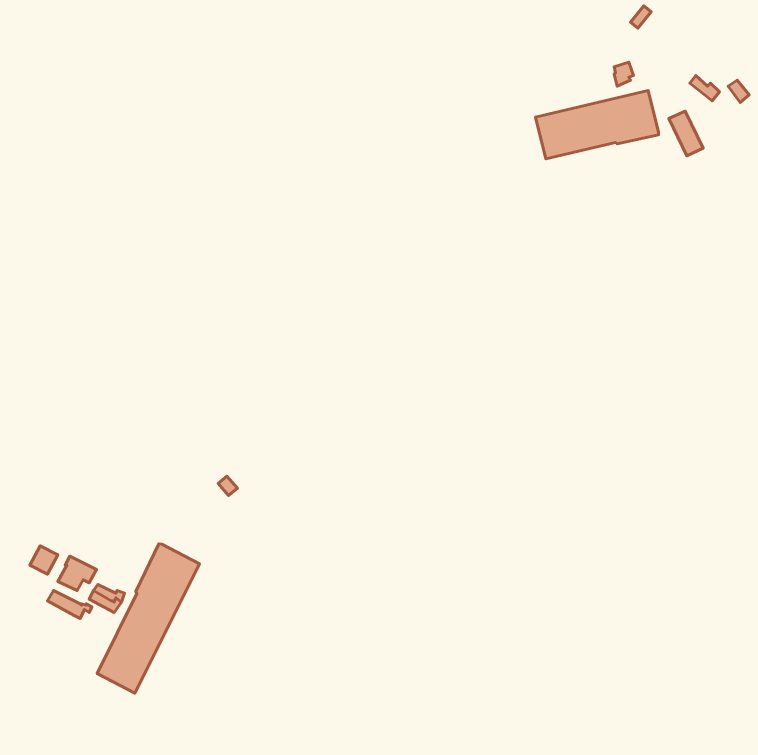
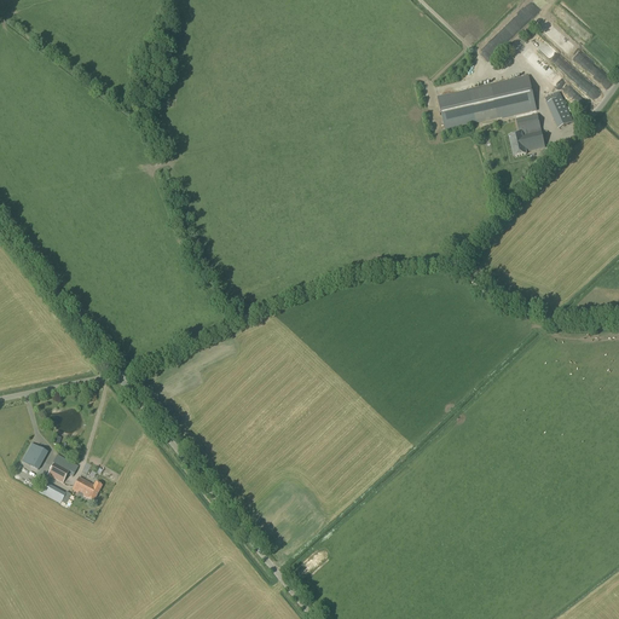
building: none -> [509,112,544,156]
building: [97,544,200,693] -> none

